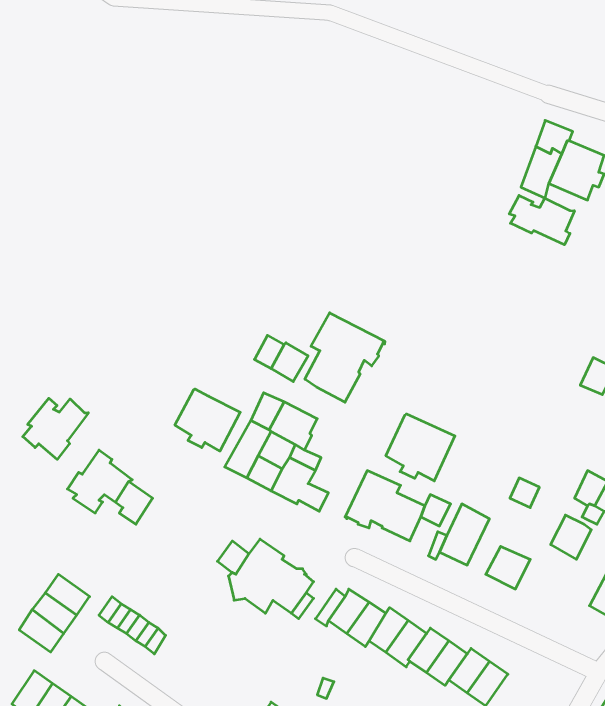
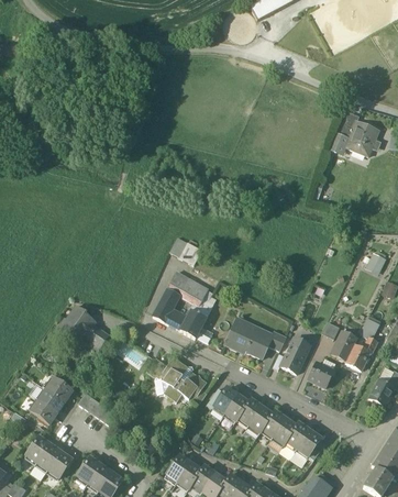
building: [509,195,574,245] -> none
building: [305,313,385,402] -> none
building: [175,389,240,451] -> none
building: [23,398,88,459] -> none
building: [386,414,455,481] -> none
building: none -> [331,331,357,361]

